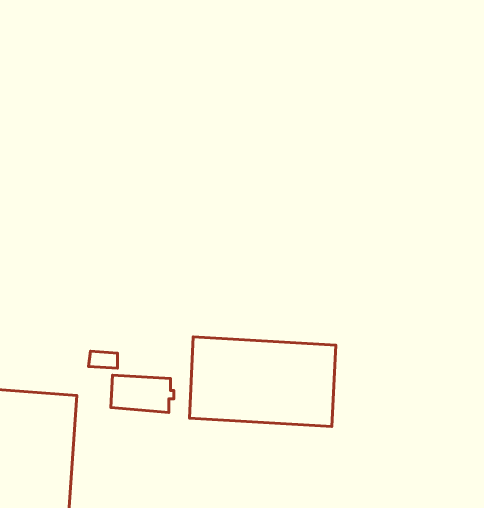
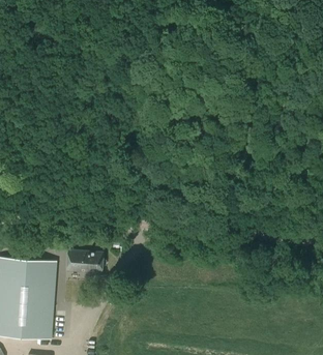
building: [189,337,336,426] -> none

